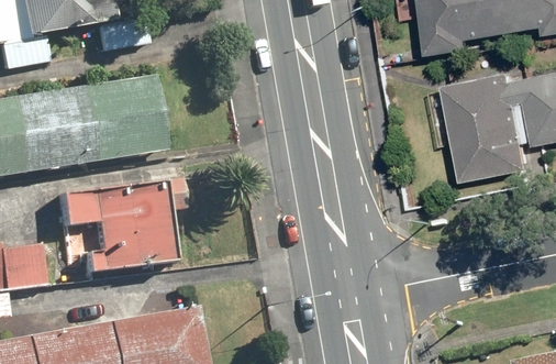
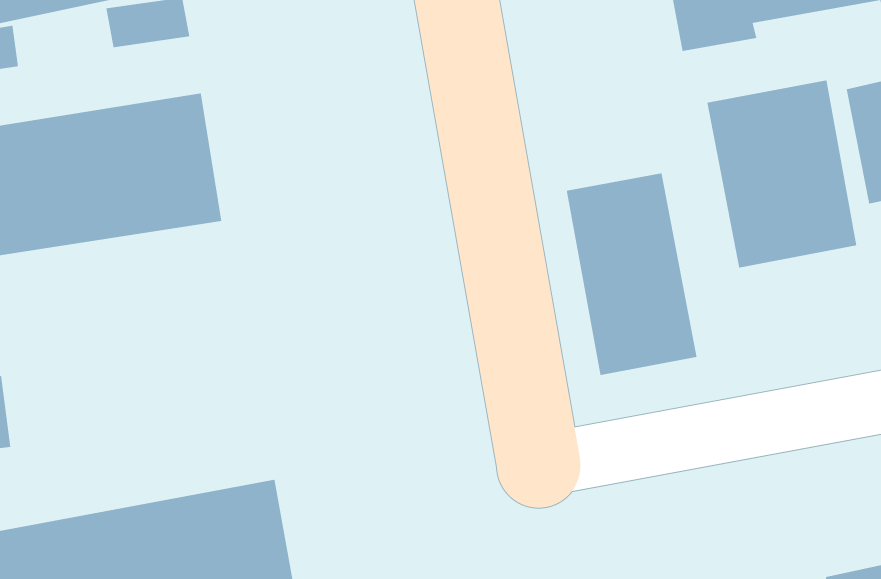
building: none -> [566,173,697,376]
building: [52,180,177,275] -> none

